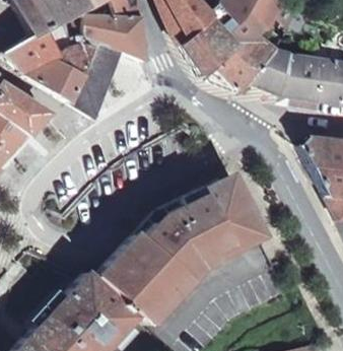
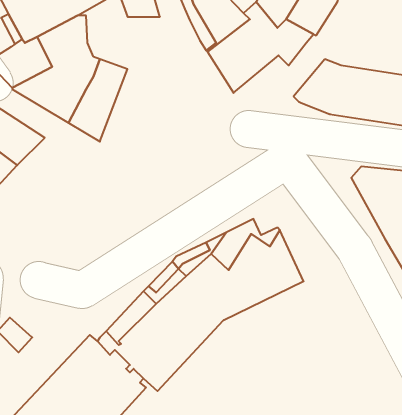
building: [83,14,145,61] -> none
building: [203,37,277,92] -> none
building: [141,230,264,326] -> none

